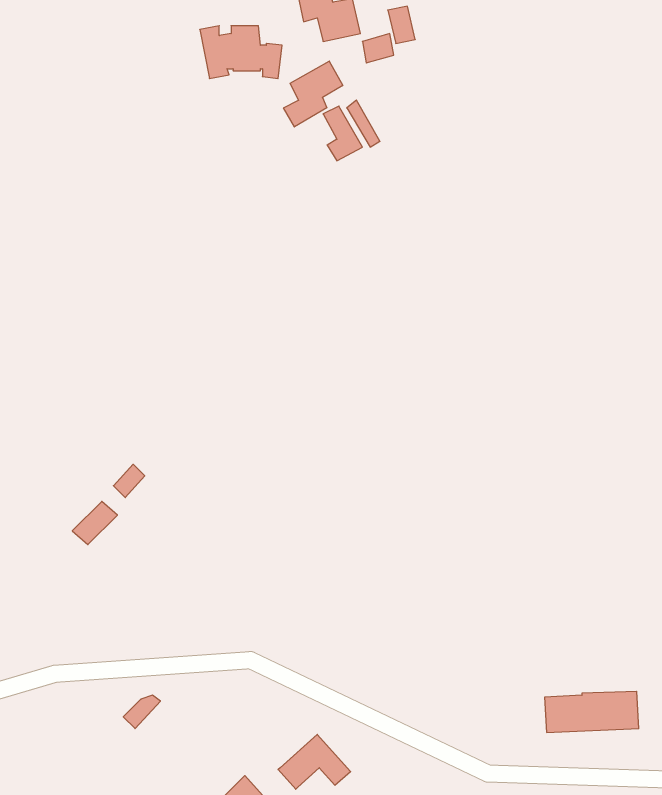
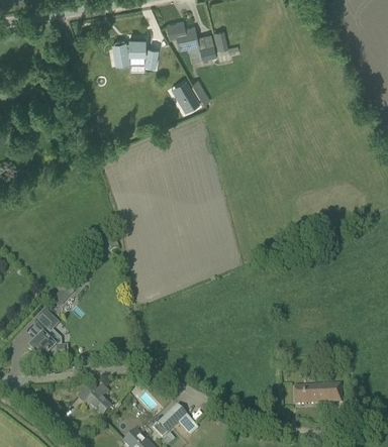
building: [284,61,343,127] -> none
building: none -> [28,309,66,359]
building: none -> [84,385,110,416]

